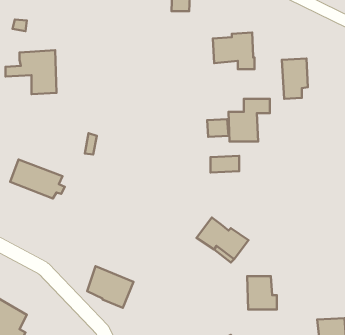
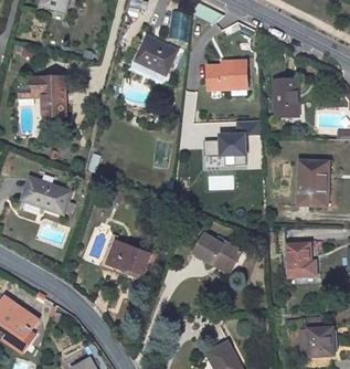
building: none -> [134,34,177,75]
building: none -> [297,160,327,205]
building: [87,266,133,308] -> [107,240,150,278]
building: [247,276,277,309] -> [286,244,314,275]

